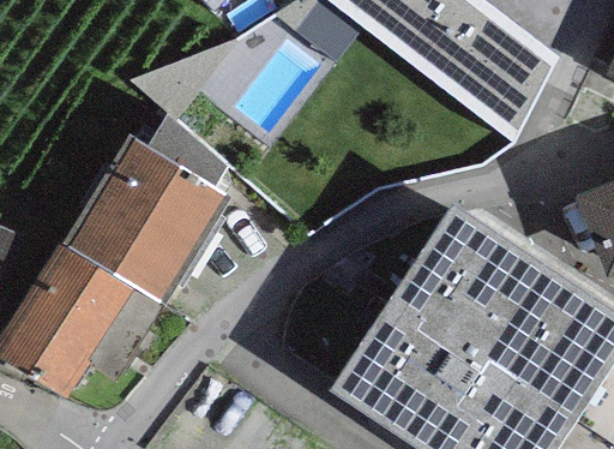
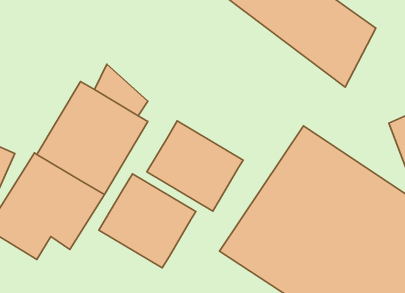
building: none -> [147,121,243,211]
building: none -> [99,174,196,268]

